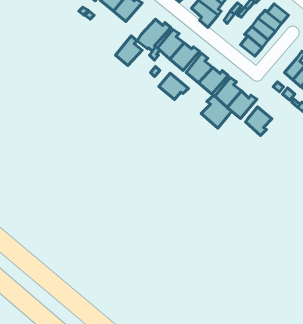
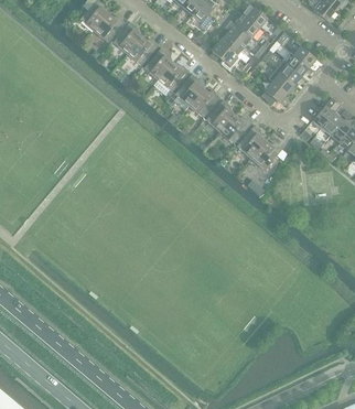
building: [116,36,142,65] -> [142,45,171,77]
building: [159,73,188,99] -> none
building: [201,95,232,128] -> none
building: [245,107,272,136] -> none

